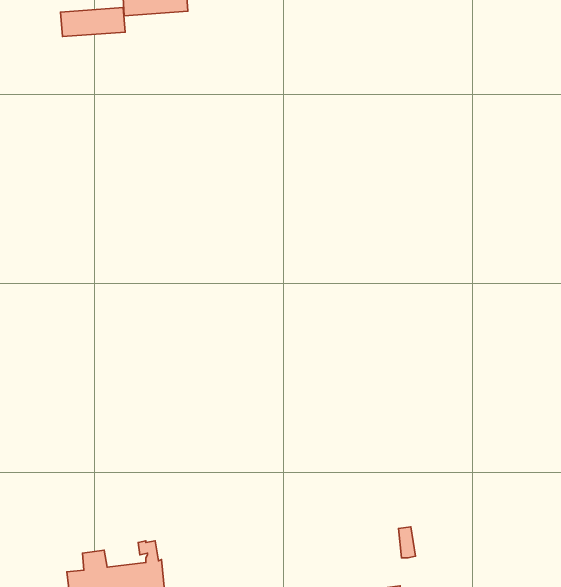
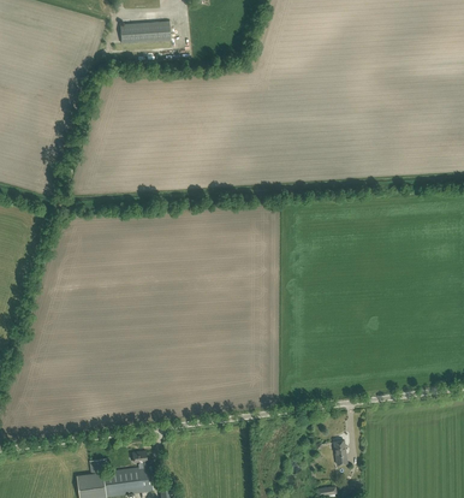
building: [60,7,125,37] -> none

